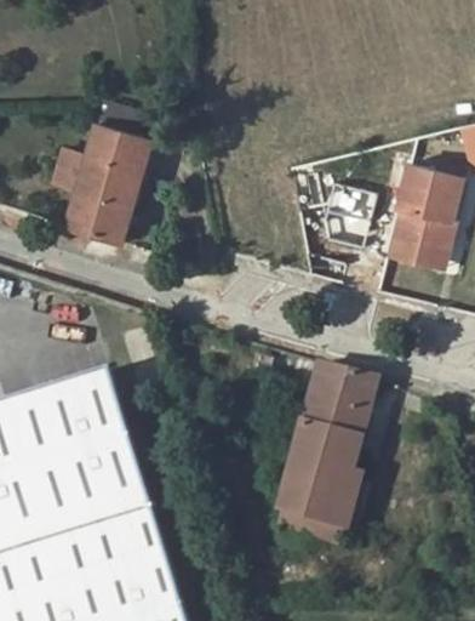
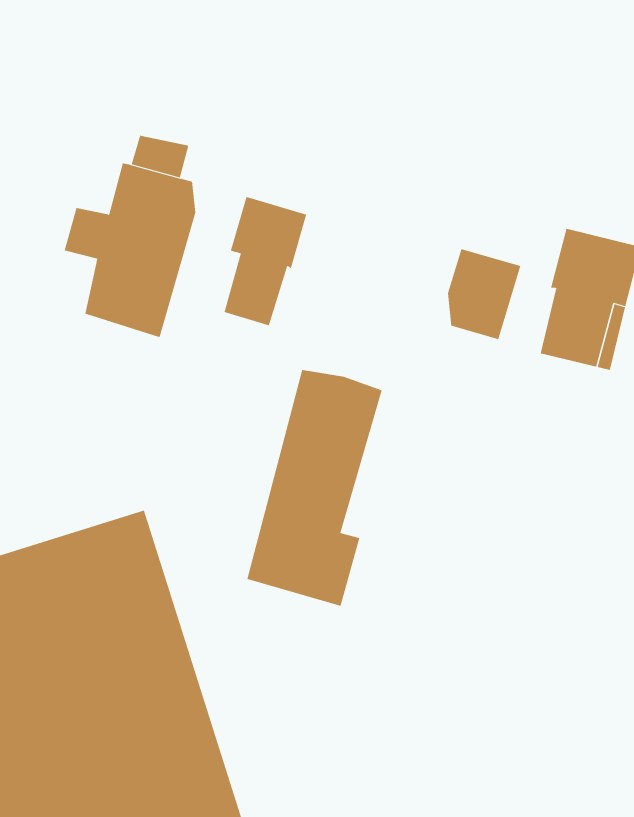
building: none -> [224,196,307,326]
building: [280,361,376,529] -> [247,369,382,607]

